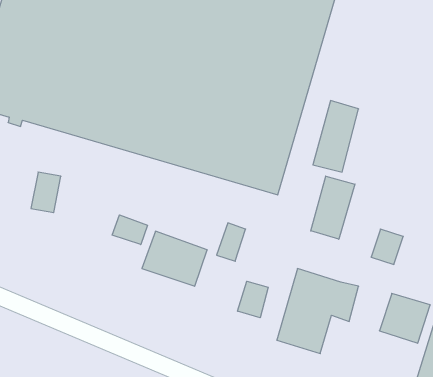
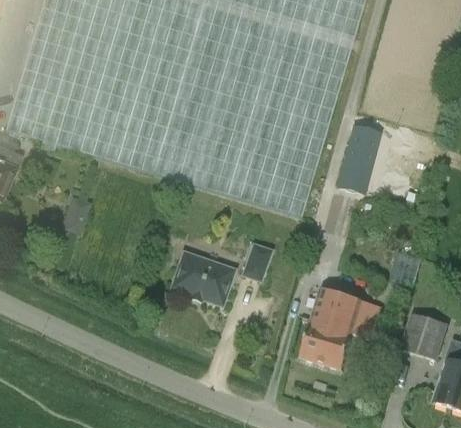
building: [311,176,355,239] -> none
building: [112,215,147,245] -> none
building: [238,281,268,318] -> none

